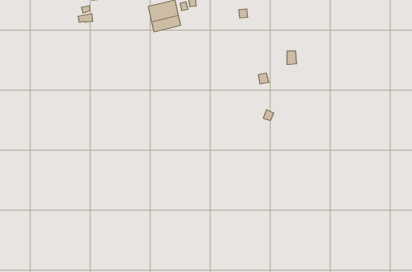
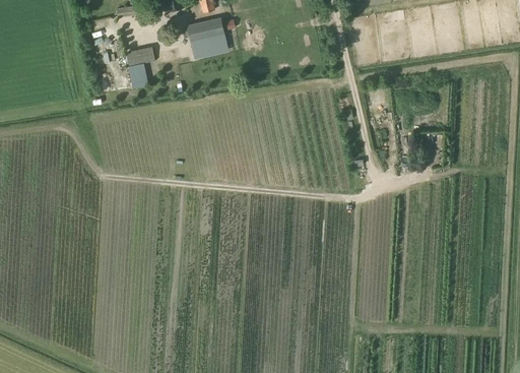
building: none -> [126,48,154,89]

